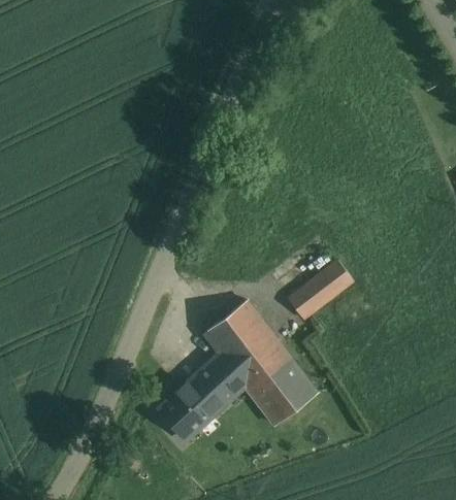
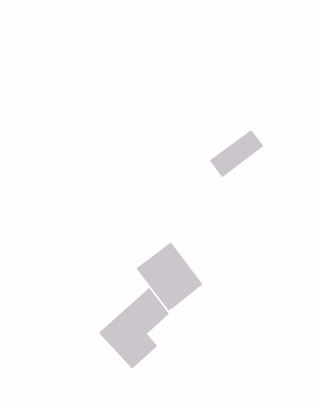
building: [288,261,354,319] -> [209,129,265,178]
building: [243,351,318,425] -> none

